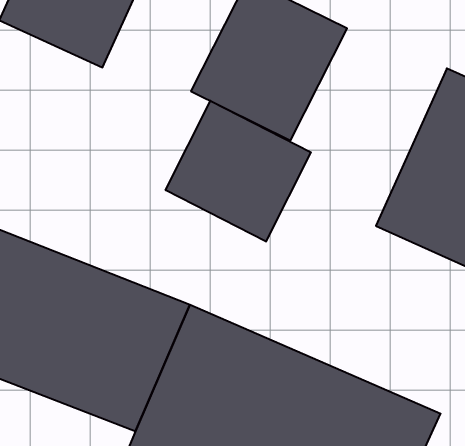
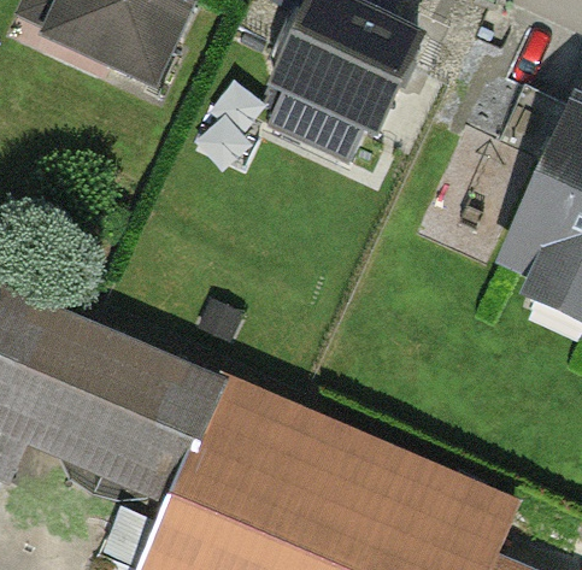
building: [166,101,311,242] -> none

